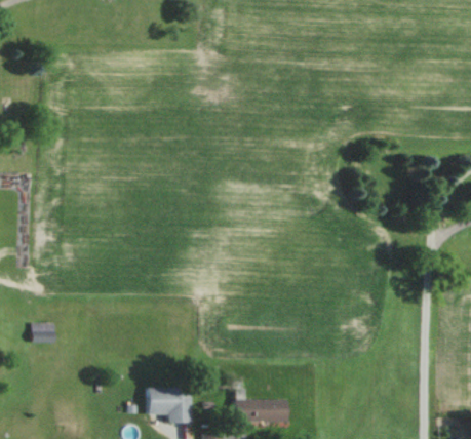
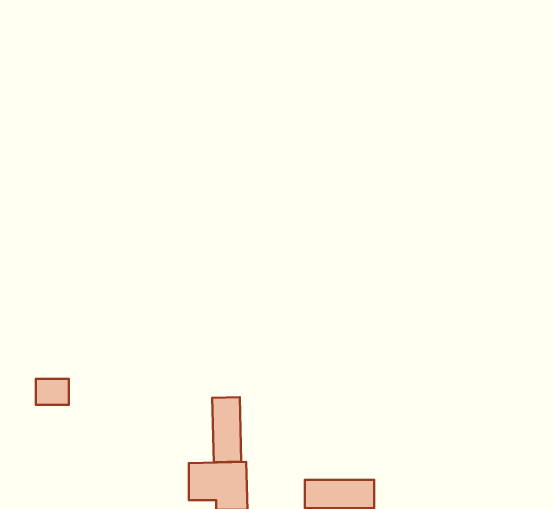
building: none -> [212,397,241,462]

